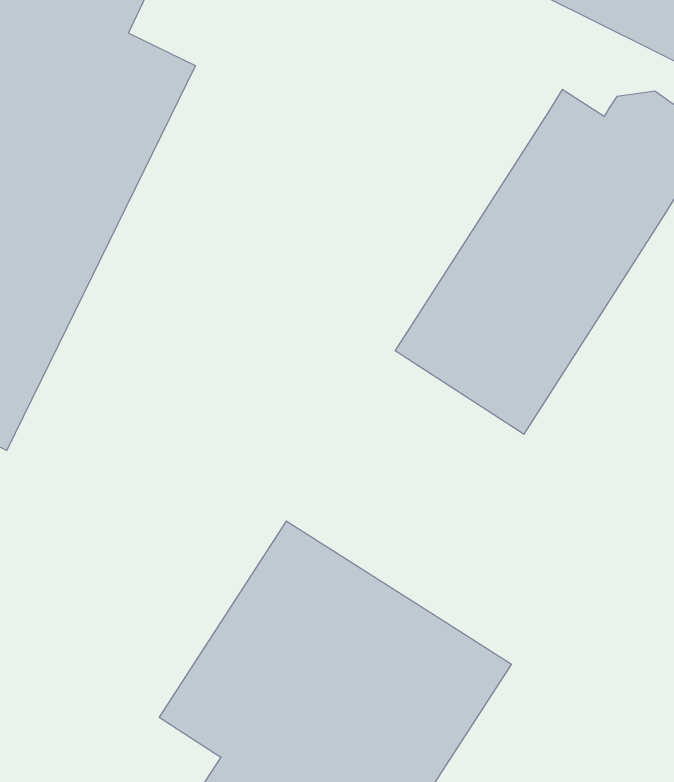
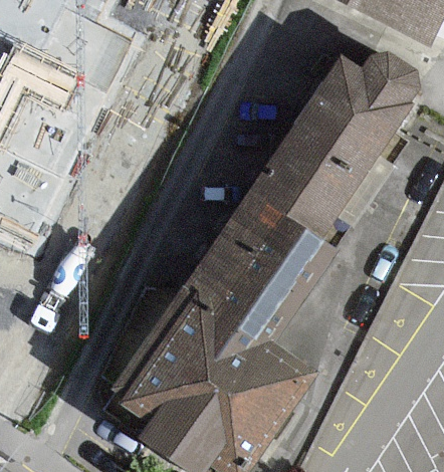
building: none -> [186,195,331,343]

